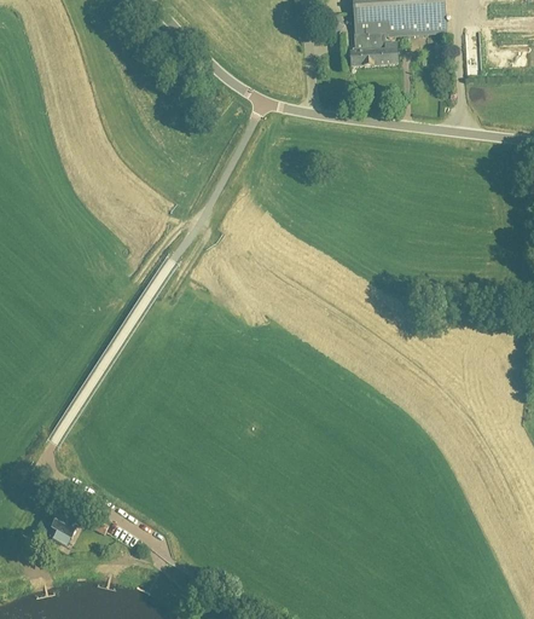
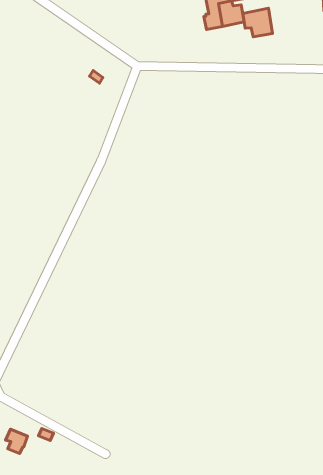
building: none -> [243,8,272,37]

